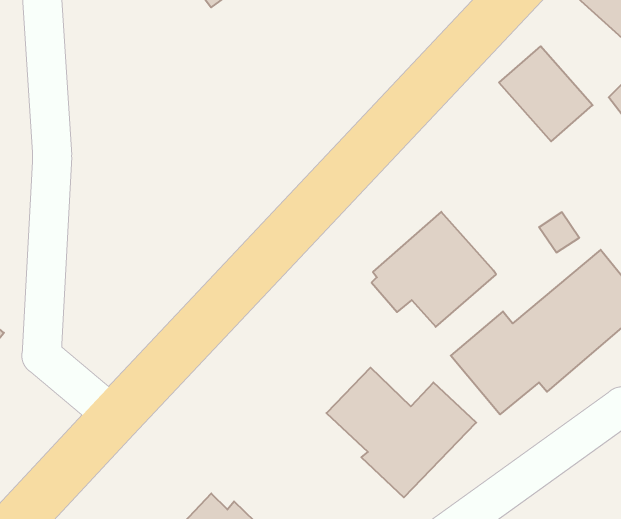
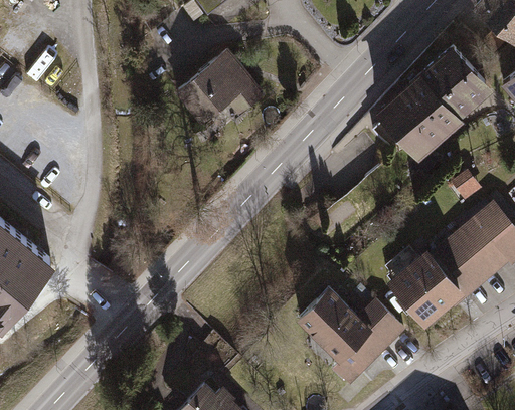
building: none -> [171,46,264,125]
building: [372,212,496,327] -> [369,72,463,159]

